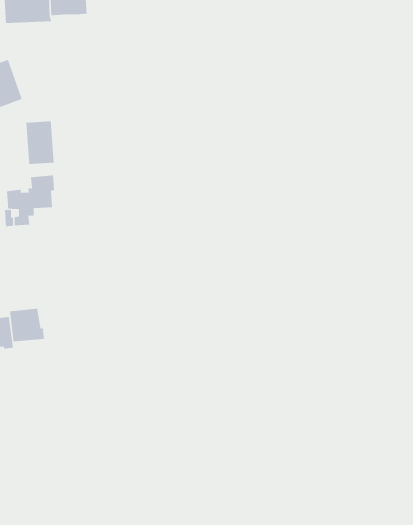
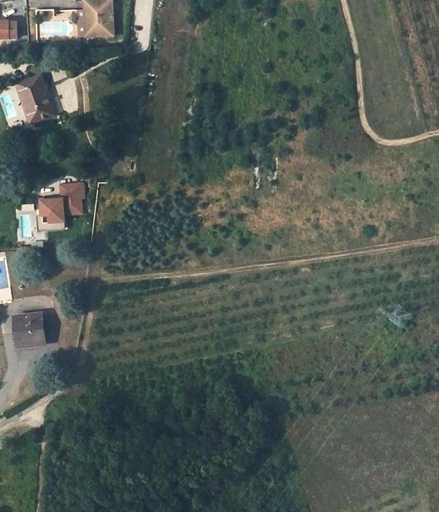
building: [26,121,54,165] -> none
building: [9,308,45,342] -> none

